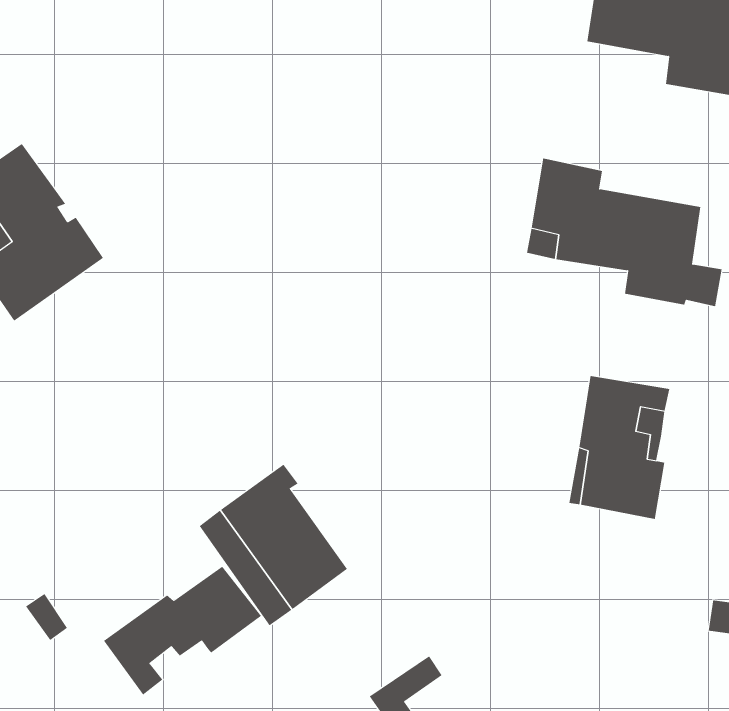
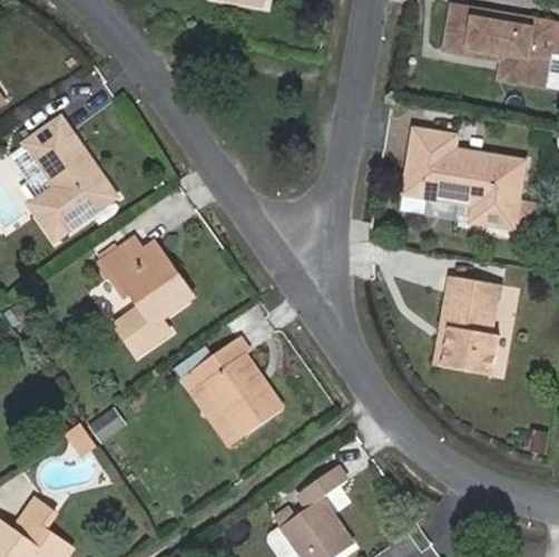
building: none -> [101,237,192,355]
building: [103,566,262,696] -> none

